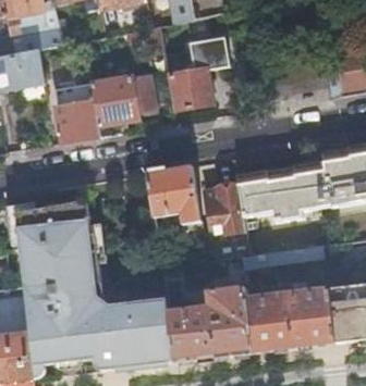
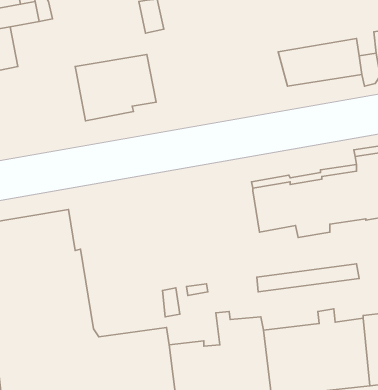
building: [168,35,231,110] -> none
building: [56,99,101,142] -> none
building: [147,163,202,239] -> none
building: [204,180,245,234] -> none

